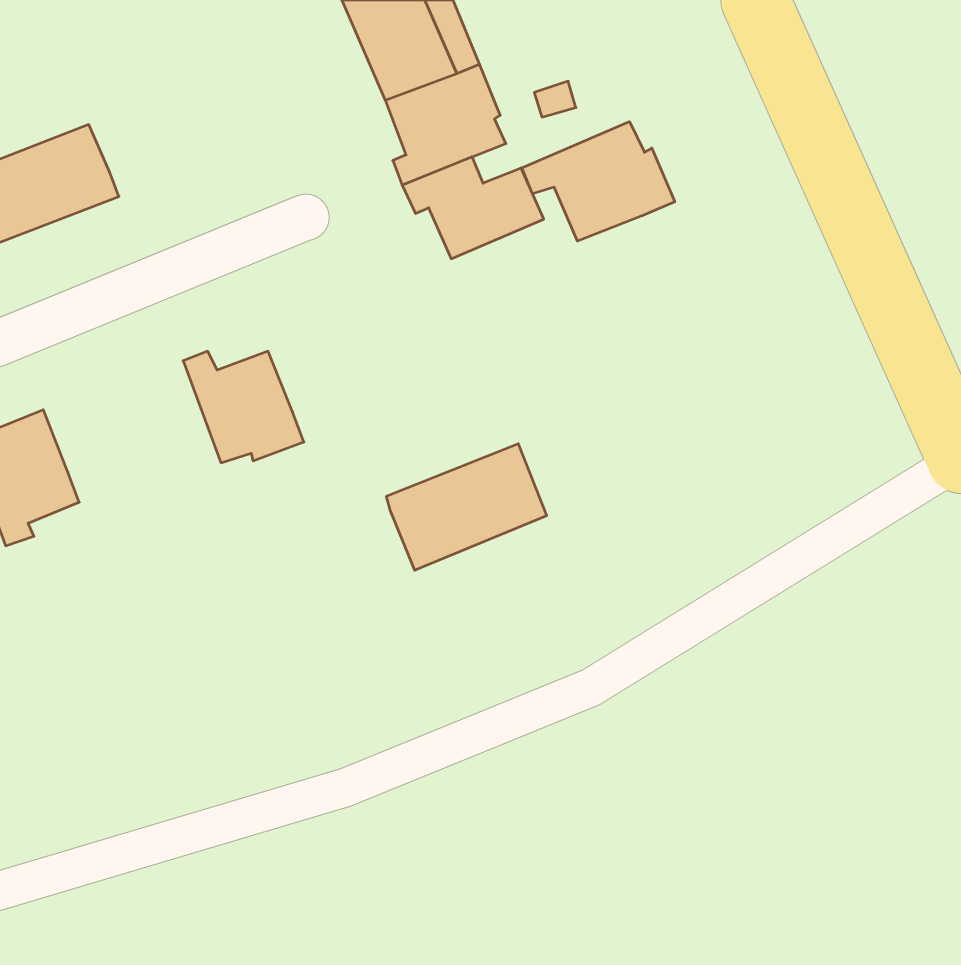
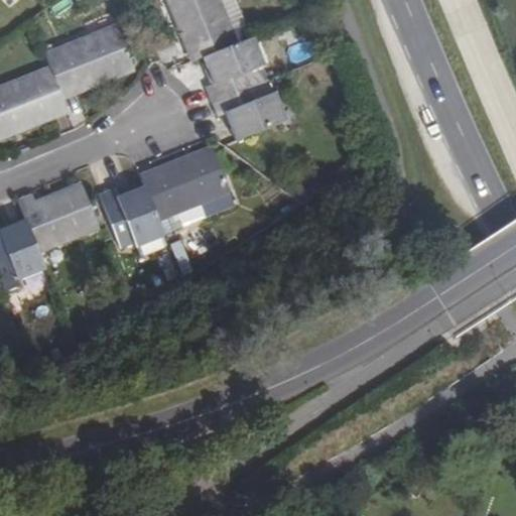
building: none -> [42,24,129,92]
building: [522,122,675,241] -> none
building: none -> [15,189,95,252]
building: [386,444,547,570] -> [141,152,227,220]

